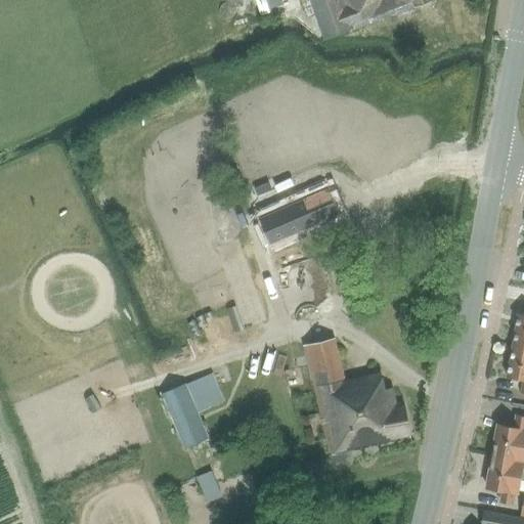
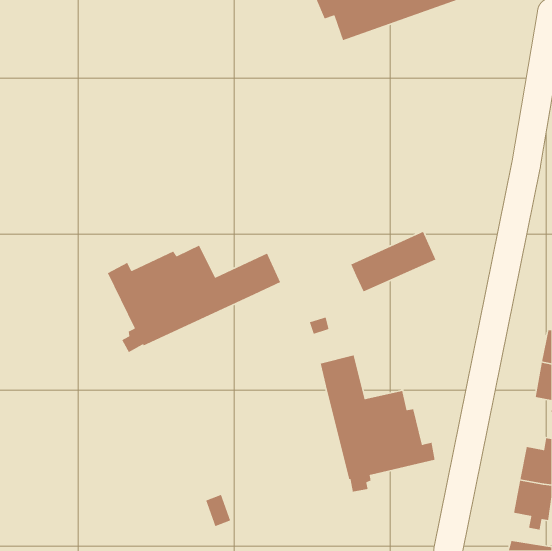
building: [259,186,341,245] -> [350,231,437,292]
building: none -> [107,245,281,353]
building: [161,373,226,448] -> none

